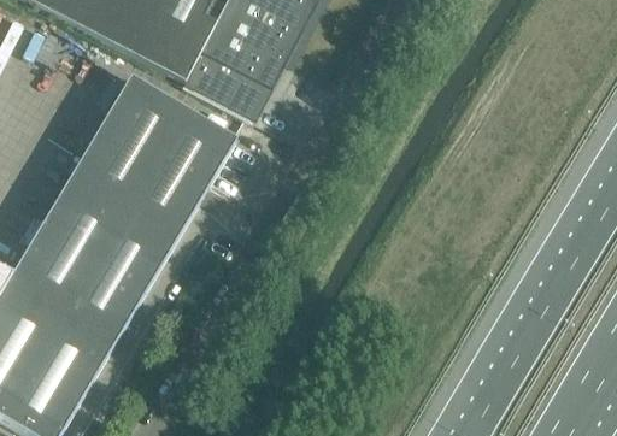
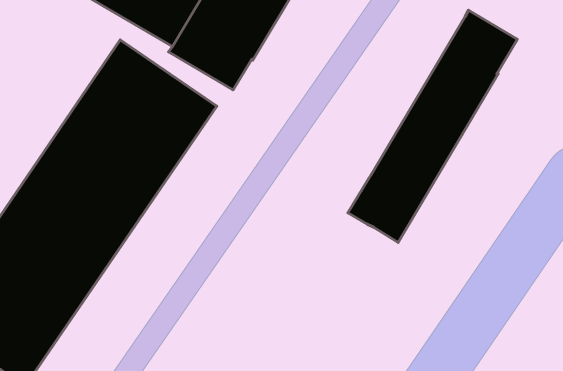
building: none -> [348,10,517,243]

